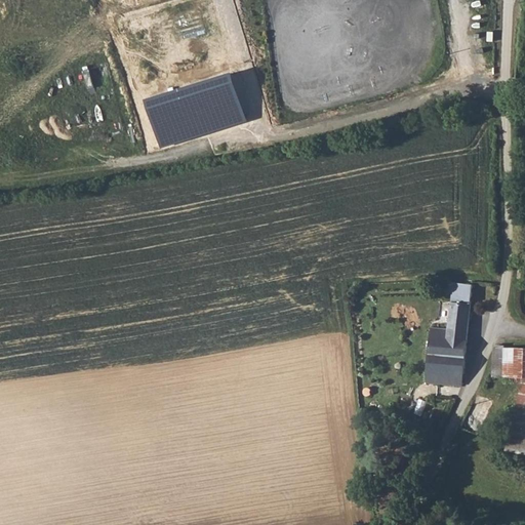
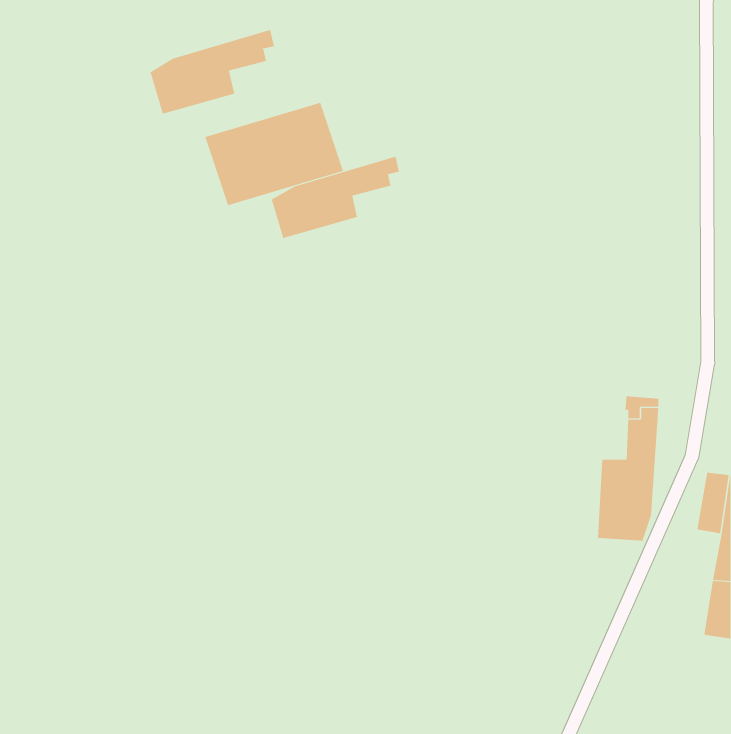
building: none -> [150,29,274,115]
building: none -> [271,156,400,239]

